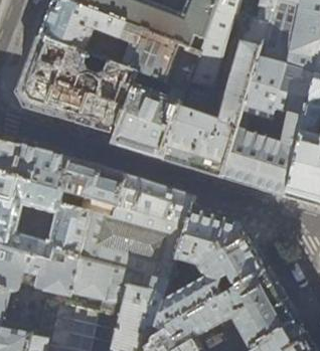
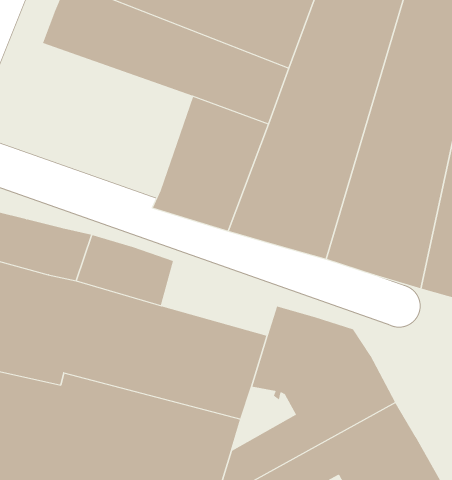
building: [16,36,135,132] -> none
building: [115,177,192,225] -> none

